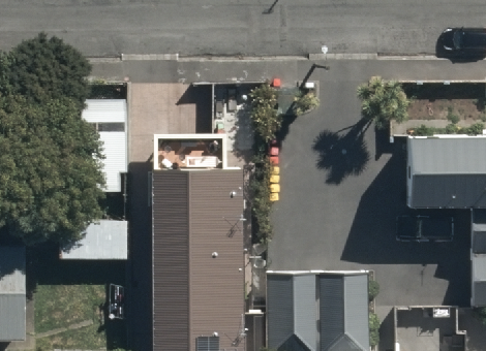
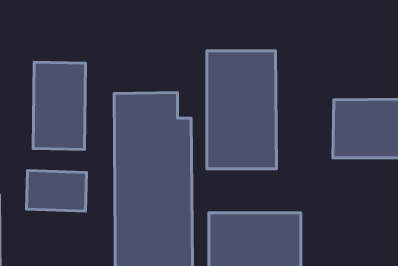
building: none -> [207,51,277,169]

